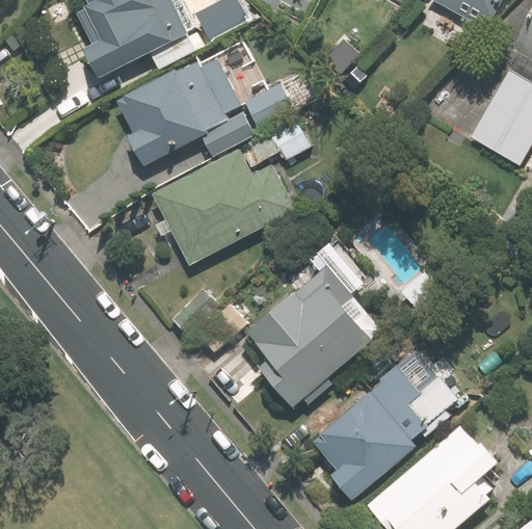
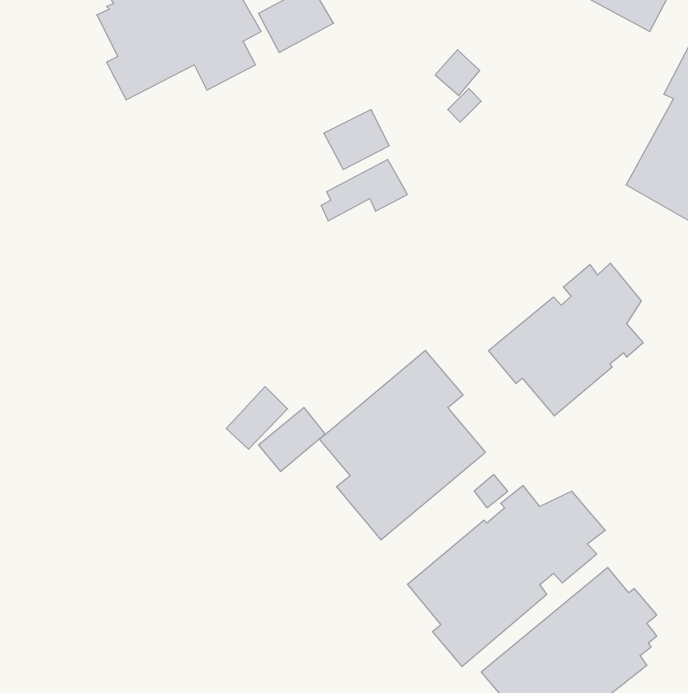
building: [118,59,241,165] -> none
building: [152,151,293,266] -> none
building: none -> [488,263,643,416]

